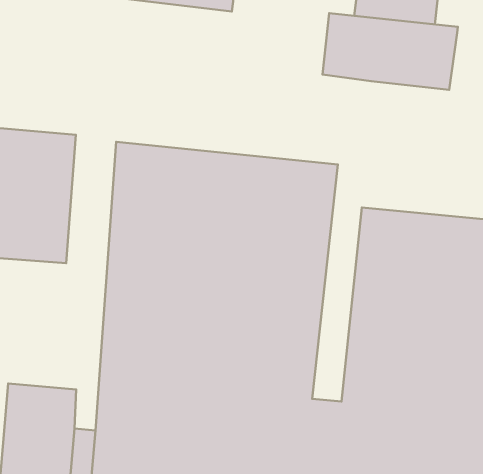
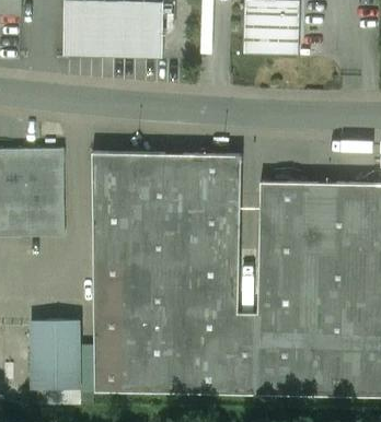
building: [322,13,458,90] -> none

